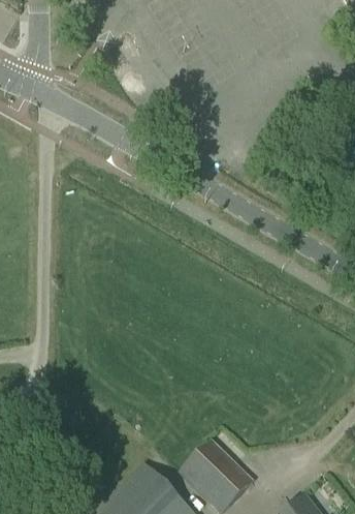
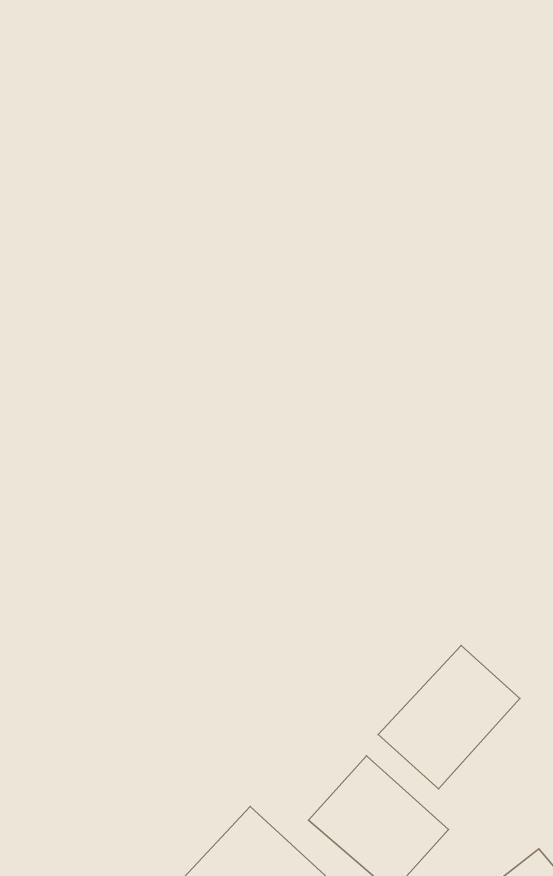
building: none -> [378,646,520,789]

